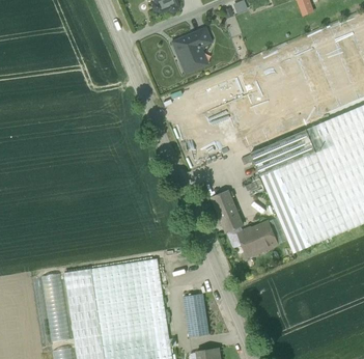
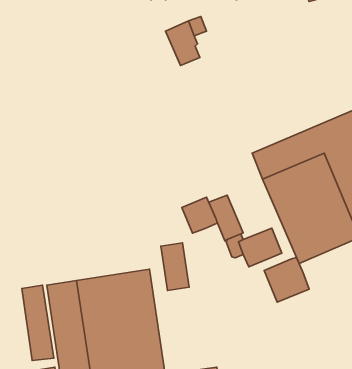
building: none -> [182,197,217,233]
building: none -> [264,258,309,302]
building: [184,294,209,337] -> [161,243,189,291]

